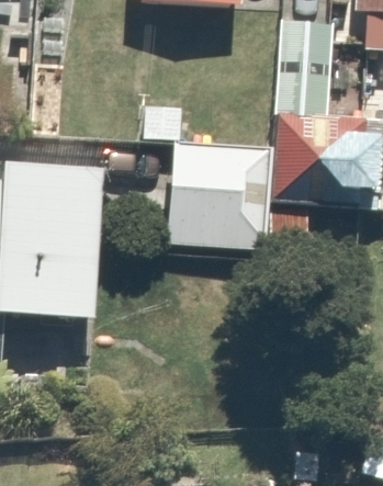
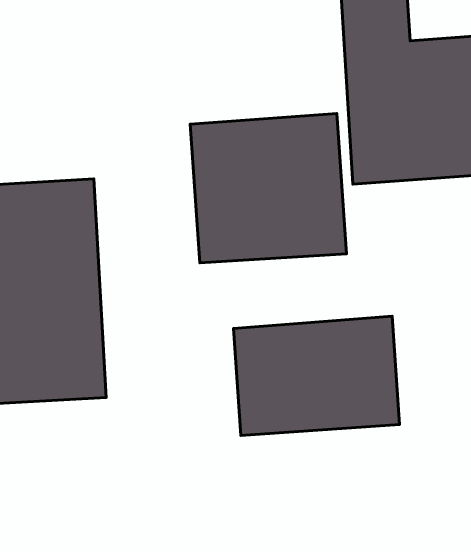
building: none -> [233,316,400,435]

